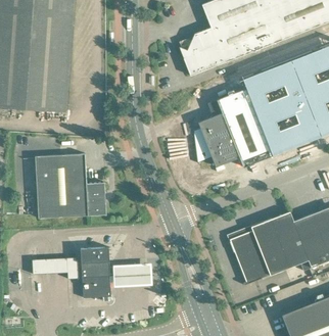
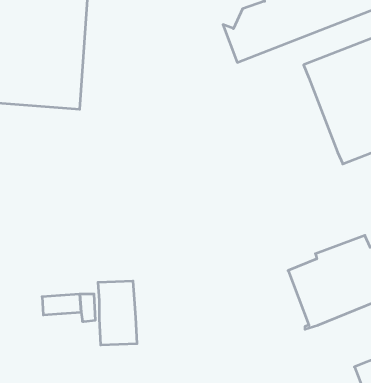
building: [192,88,272,166] -> none
building: [34,153,105,218] -> none
building: [112,263,150,285] -> none

